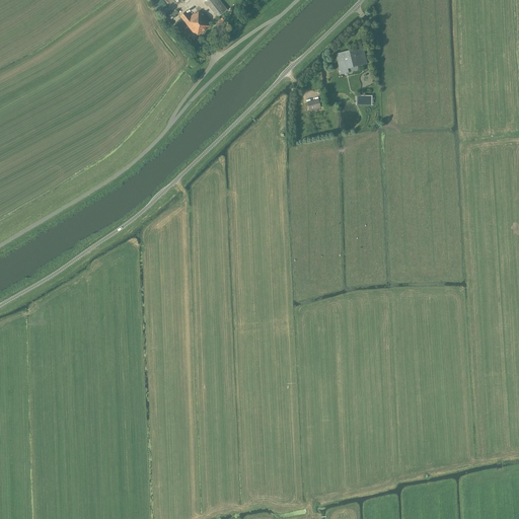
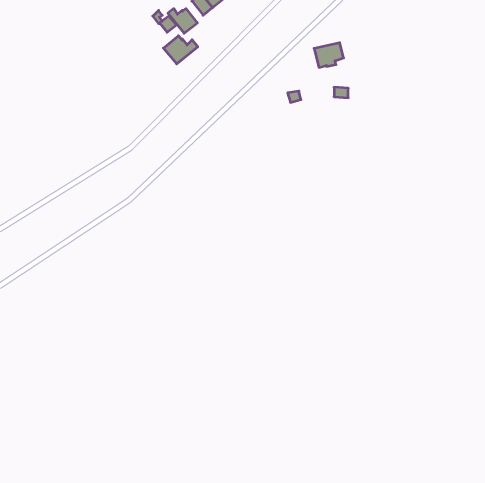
building: none -> [163,36,198,64]

